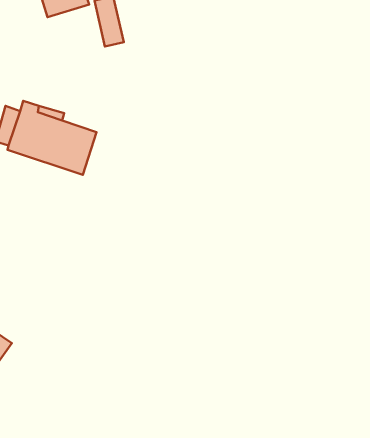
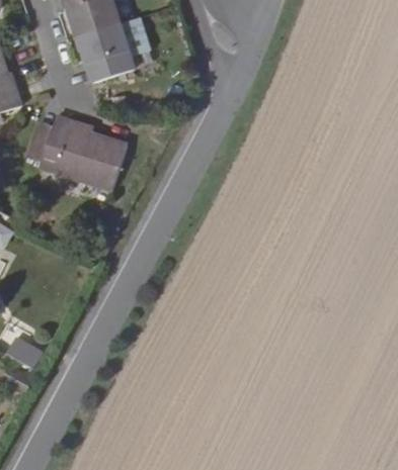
building: none -> [79,25,129,77]

